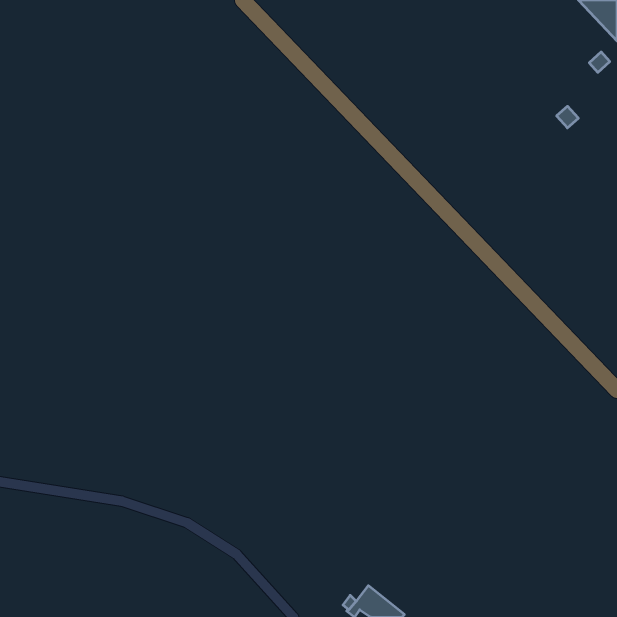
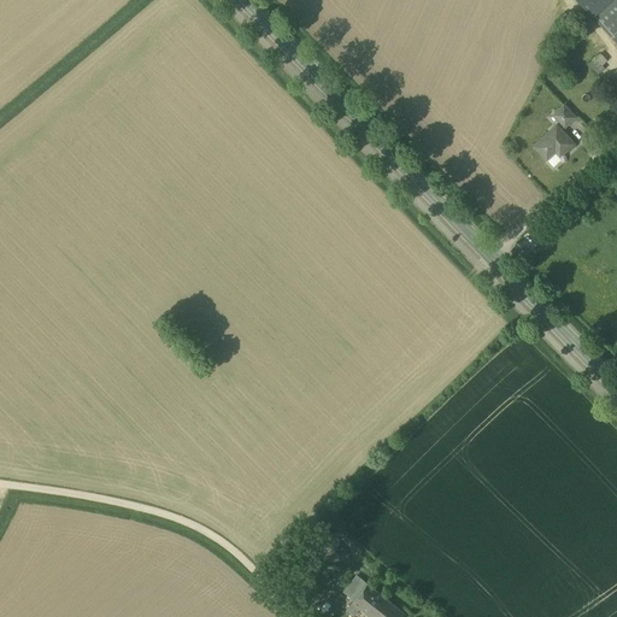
building: none -> [535,127,575,161]

